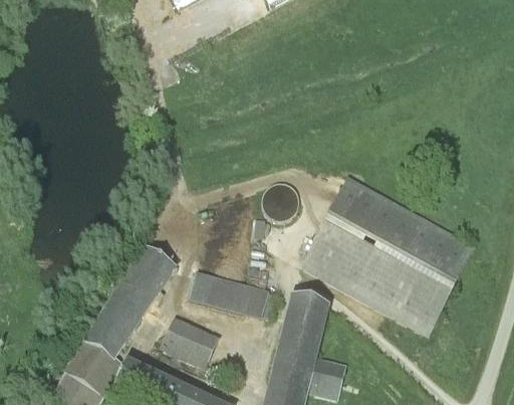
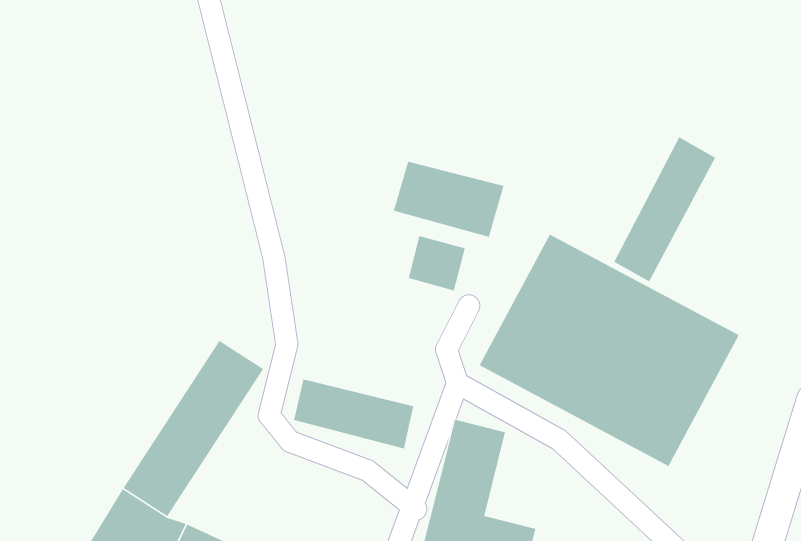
building: none -> [613,136,716,282]
building: none -> [393,161,505,238]
building: [164,317,218,363] -> none

